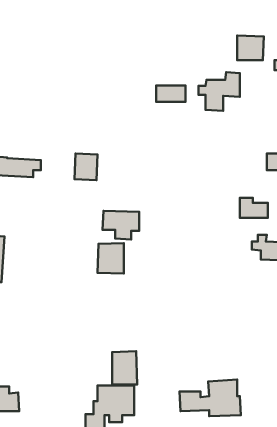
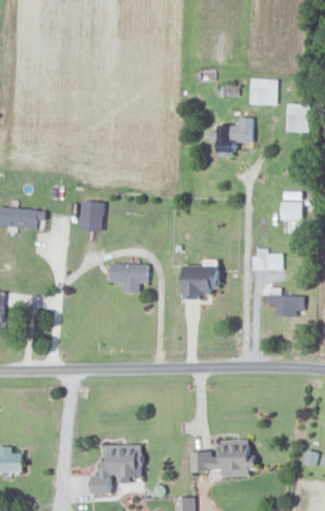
building: [156,85,186,102] -> none
building: none -> [182,265,219,295]
building: [98,243,124,274] -> none
building: [112,351,137,385] -> none

